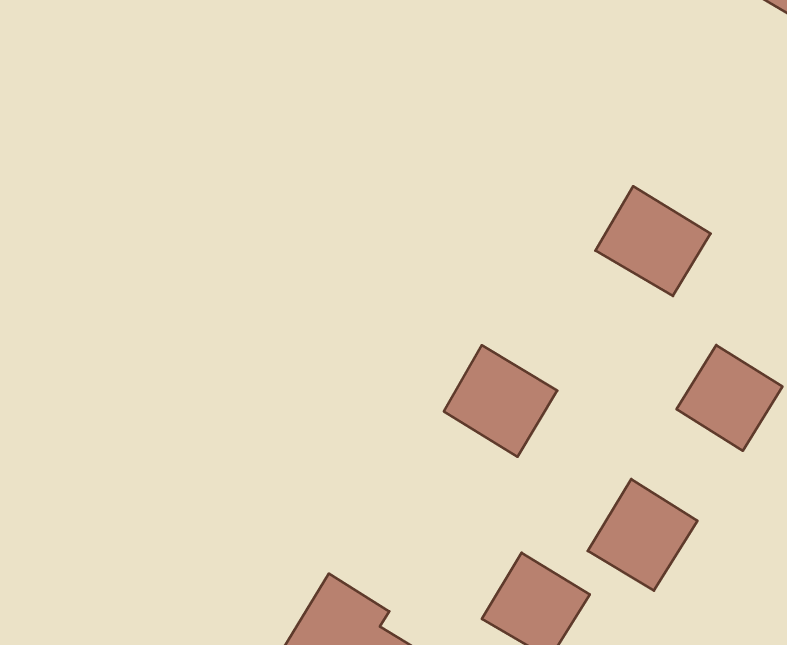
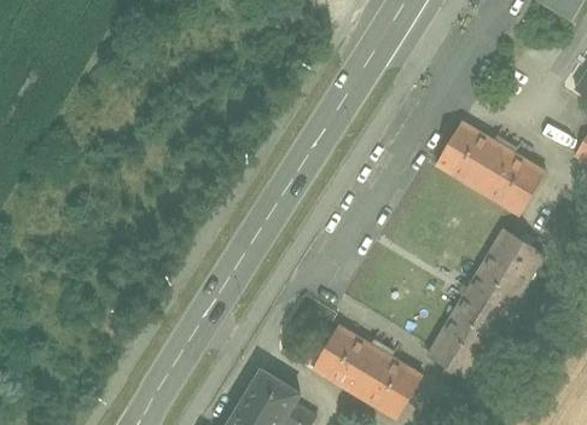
building: none -> [481,151,548,216]
building: [444,345,557,457] -> [312,326,384,397]
building: none -> [454,263,525,334]

